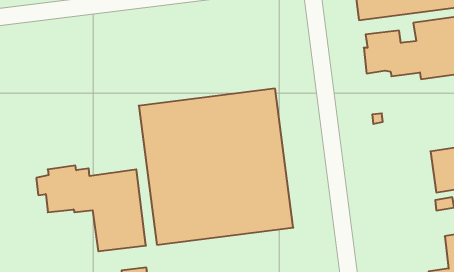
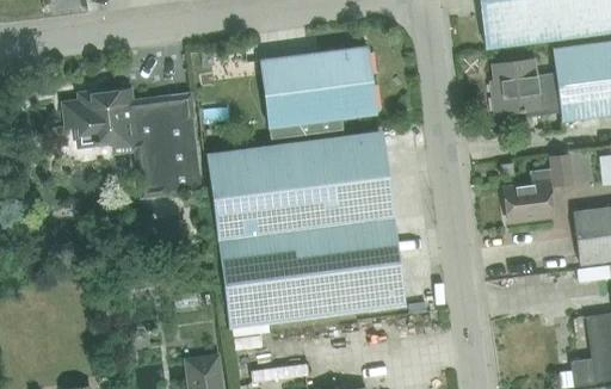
building: none -> [259,47,375,140]
building: none -> [504,154,574,221]
building: [36,166,146,251] -> [63,88,200,196]

